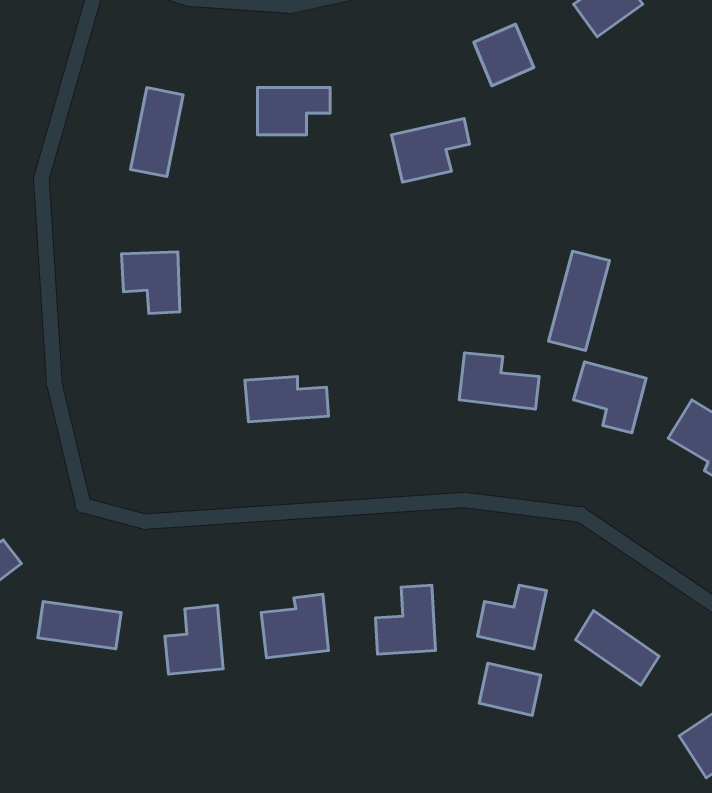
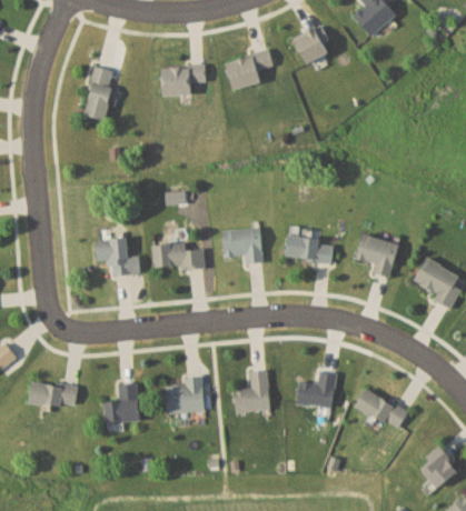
building: [391,119,470,182] -> [225,50,272,89]
building: [548,251,610,351] -> none
building: [122,252,180,314] -> [95,238,130,275]
building: none -> [221,229,262,263]
building: [479,663,541,715] -> none

